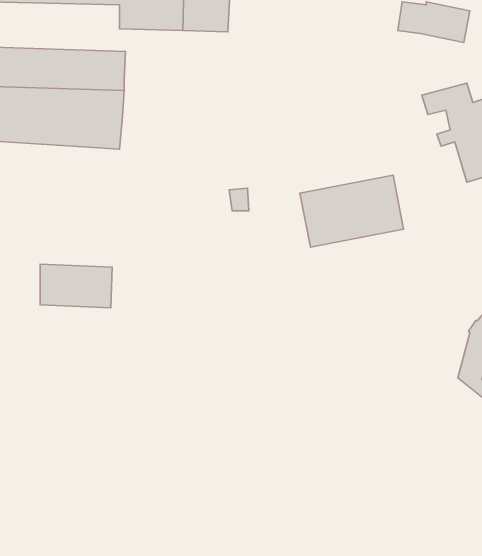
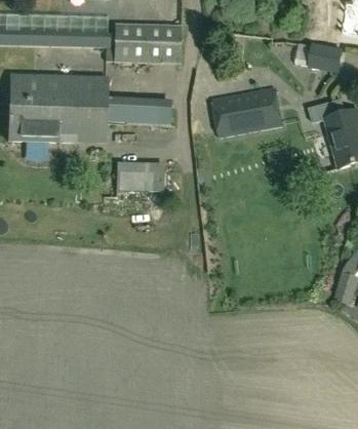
building: none -> [106,96,171,124]
building: [300,175,404,247] -> [212,86,283,135]
building: [40,264,112,308] -> [115,161,164,191]

